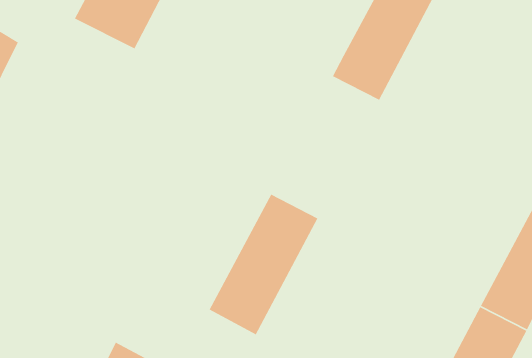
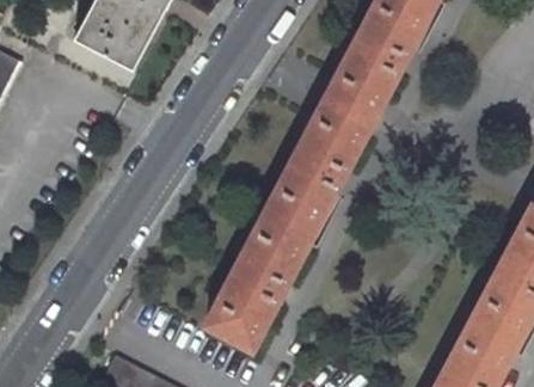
building: none -> [265,97,372,235]

